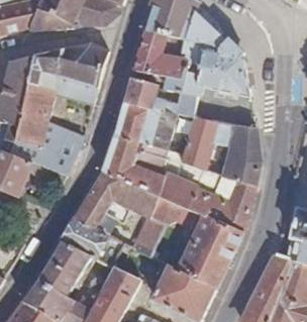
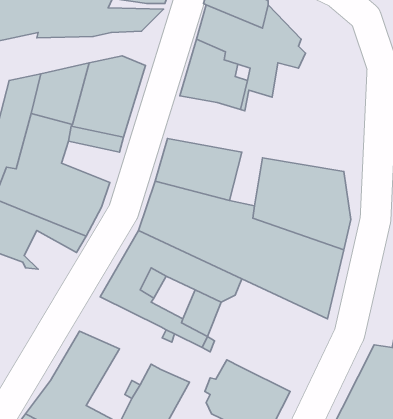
building: [124,40,249,117] -> none
building: [174,206,241,289] -> none
building: [60,219,119,266] -> none

